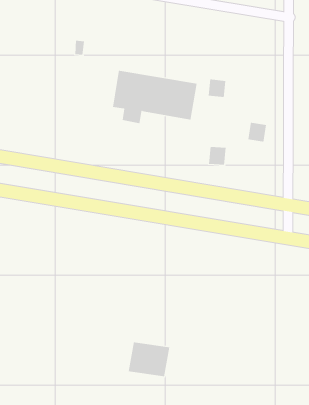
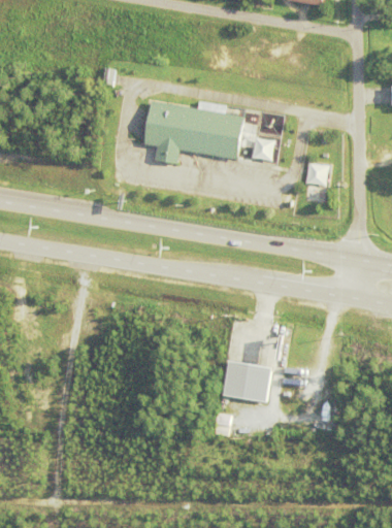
building: [208,147,227,165] -> [251,137,272,159]
building: [128,342,170,377] -> [223,364,272,405]

